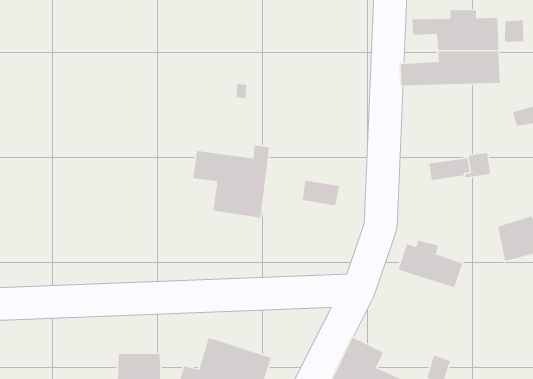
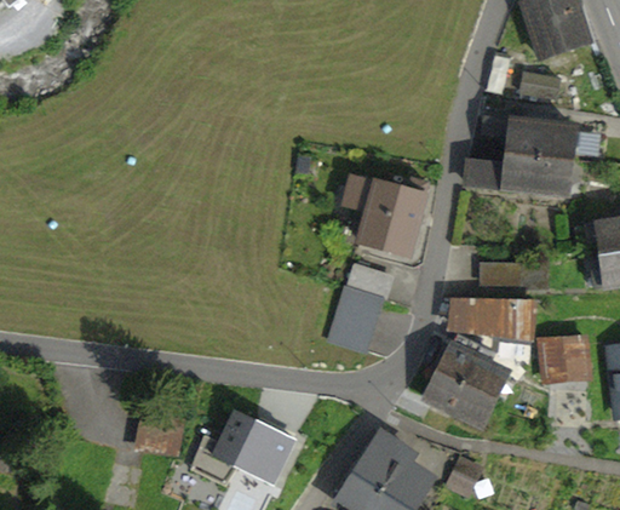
building: [192,144,270,219] -> [344,176,427,254]
building: none -> [455,304,535,337]
building: none -> [331,298,379,351]
building: none -> [423,369,492,424]

